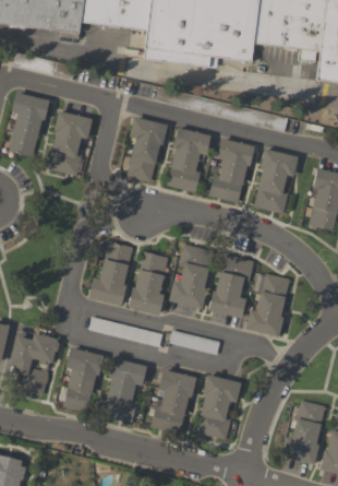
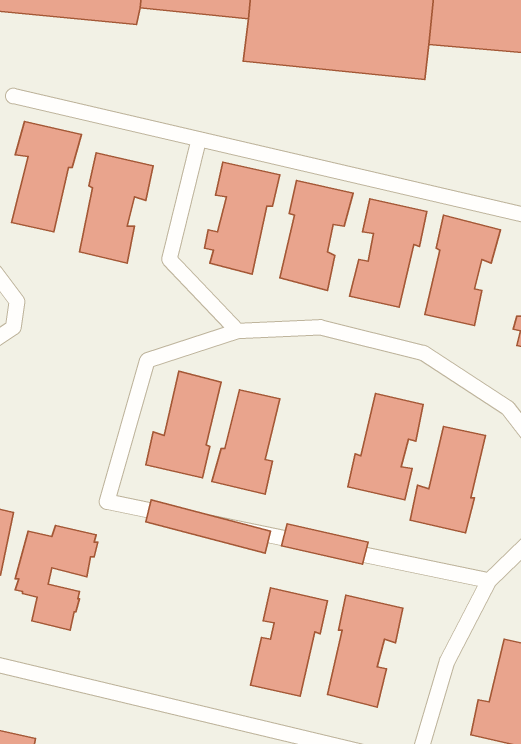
building: [169,244,212,308] -> none
building: [63,347,105,413] -> none
building: [102,357,147,423] -> none

